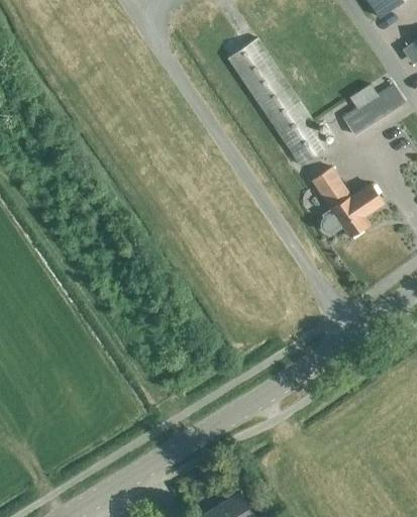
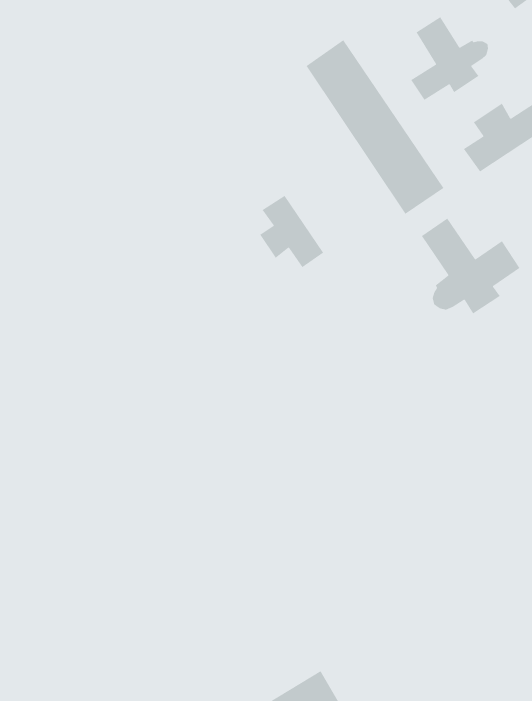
building: none -> [410,16,489,101]
building: none -> [259,195,324,268]

